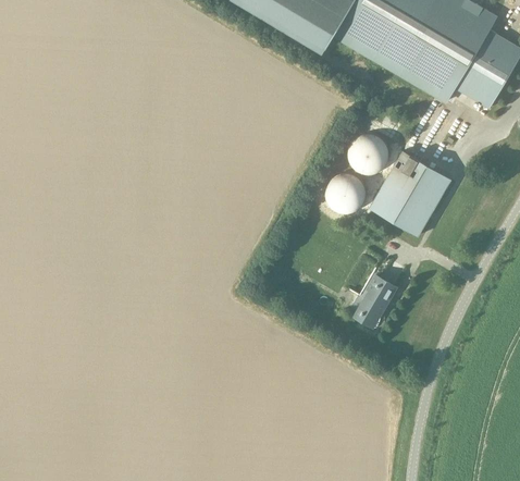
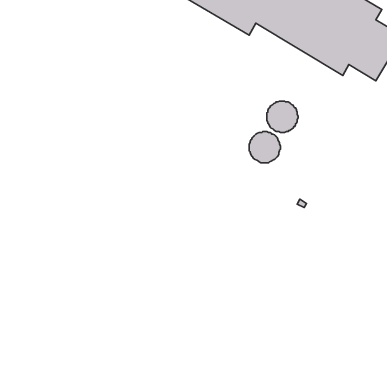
building: [368,151,449,235] -> none
building: [352,275,393,323] -> none

